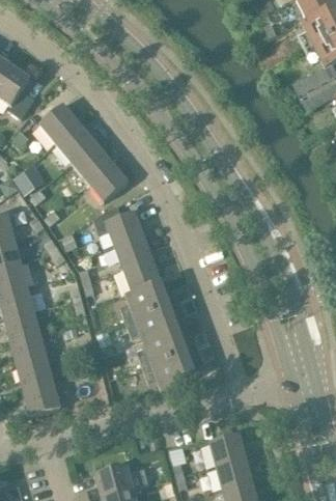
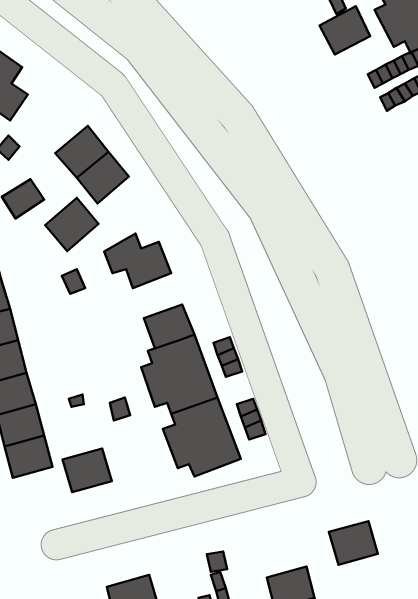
building: none -> [319,6,370,54]
building: [38,103,80,143] -> none
building: [87,161,128,201] -> [45,198,99,251]
building: [114,234,151,269] -> none
building: [23,382,60,415] -> [63,448,112,492]
building: [208,433,246,466] -> [329,521,378,565]

